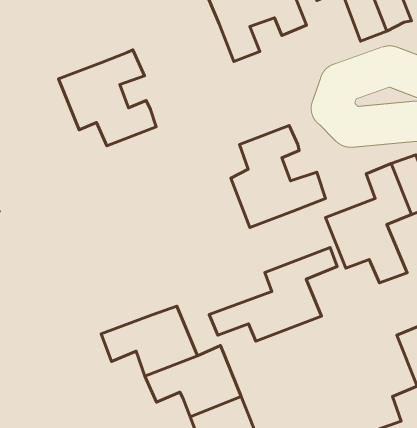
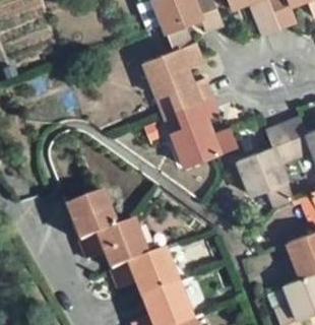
building: [59,50,156,146] -> [143,42,211,109]
building: [209,247,337,341] -> none
building: none -> [66,192,116,241]

